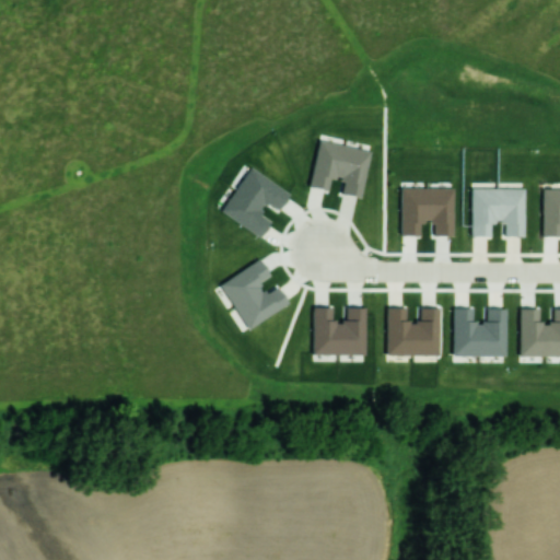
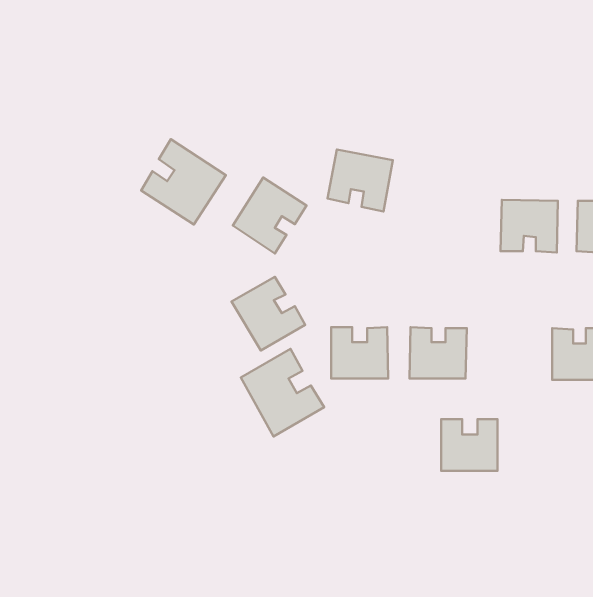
building: none -> [141,139,226,224]
building: [402,187,455,235] -> none
building: [454,307,506,355] -> [441,419,497,471]
building: none -> [241,349,324,436]

